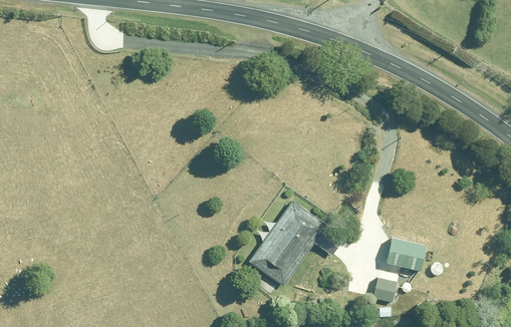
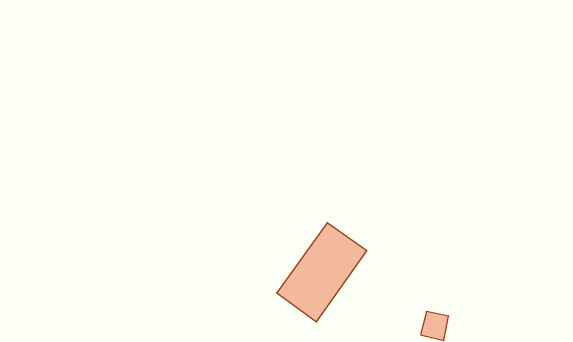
building: [386,238,426,270] -> none

